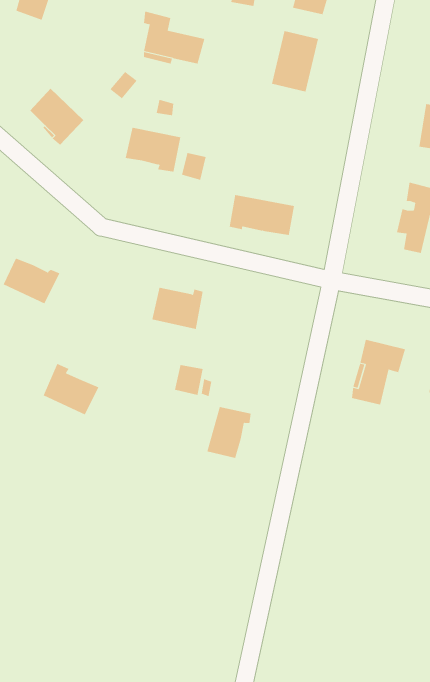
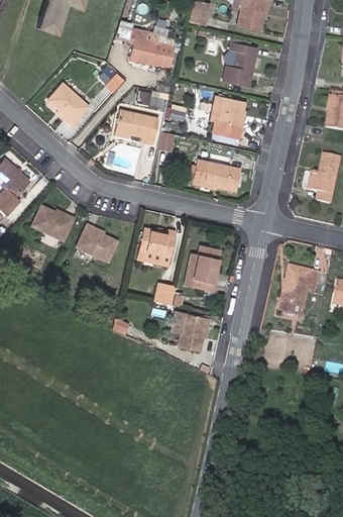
building: none -> [211,95,244,137]
building: none -> [189,241,219,290]
building: [43,363,99,415] -> [73,222,113,260]

